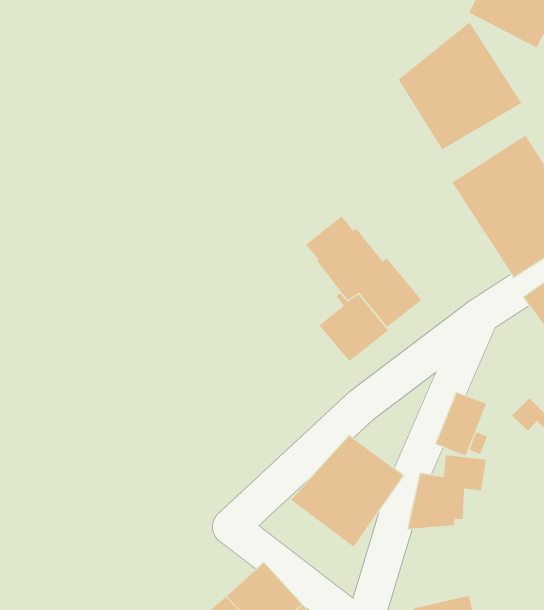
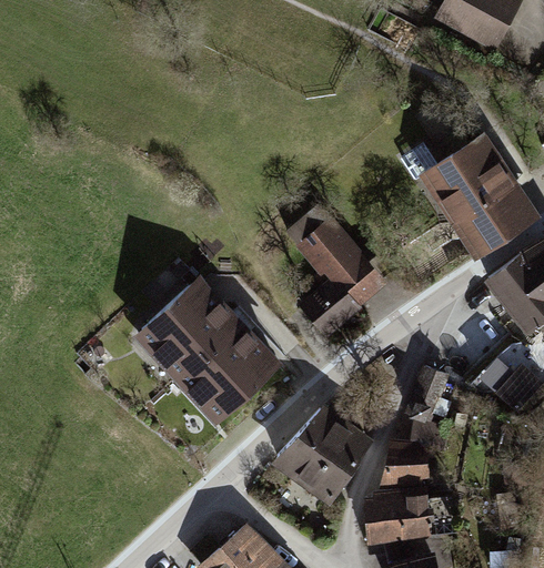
building: [398,21,522,150] -> none
building: none -> [133,276,282,426]
building: none -> [364,487,431,544]

